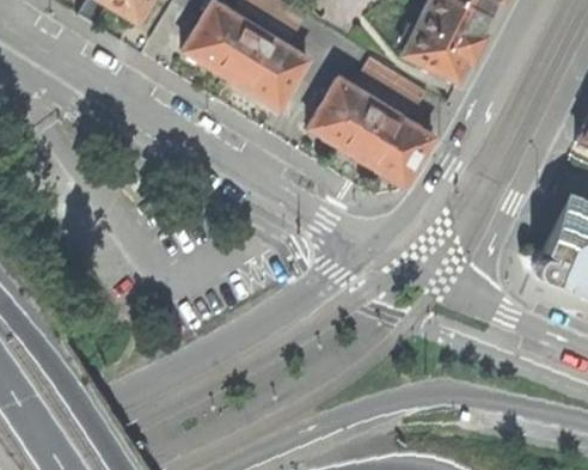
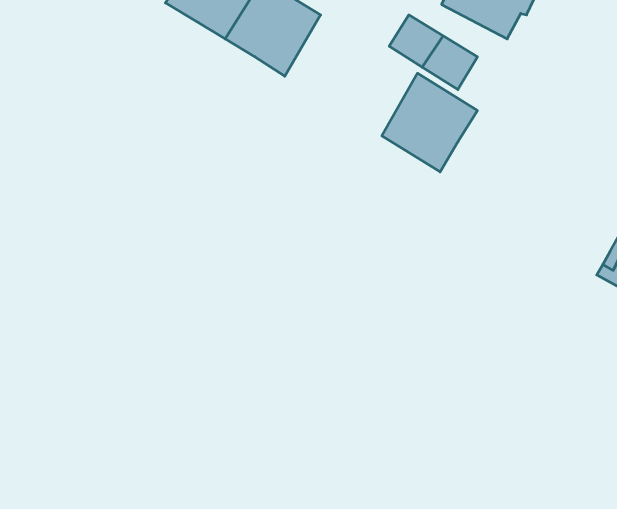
building: [308,78,385,157] -> none

